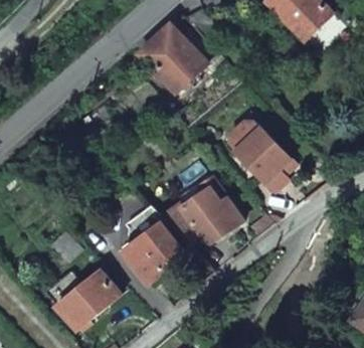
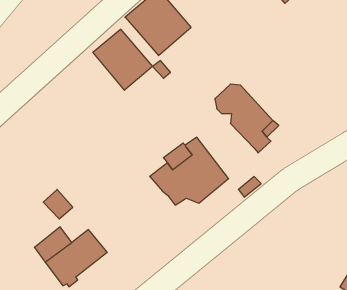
building: none -> [93,29,153,90]
building: [125,202,182,279] -> none

